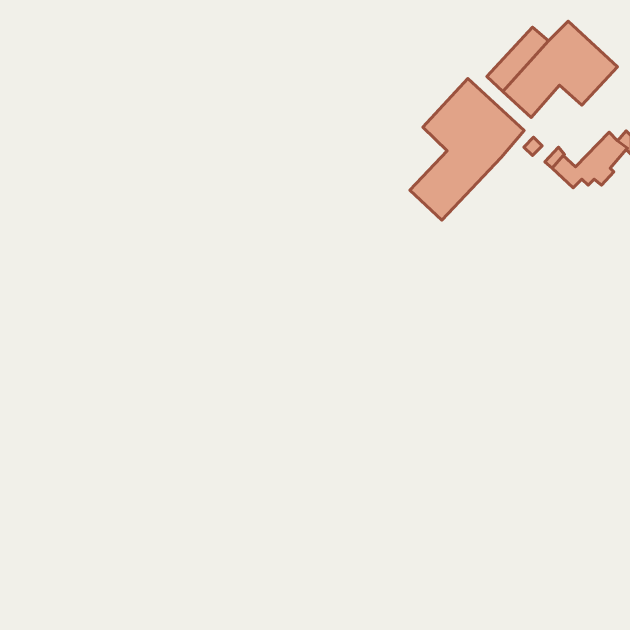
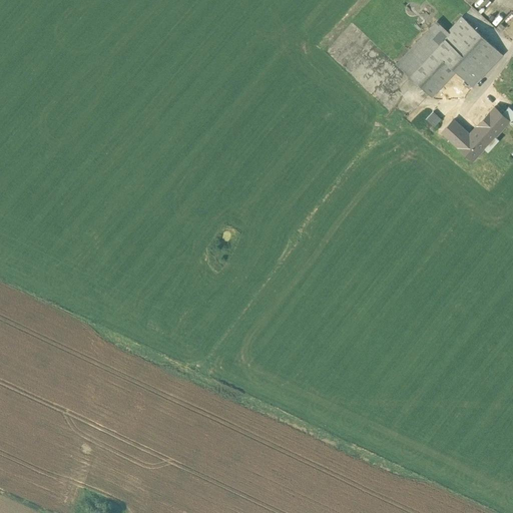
building: [410,78,524,220] -> none

